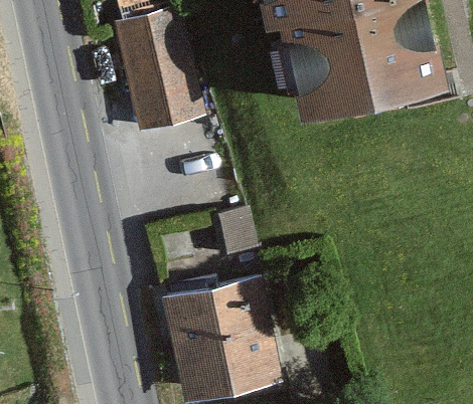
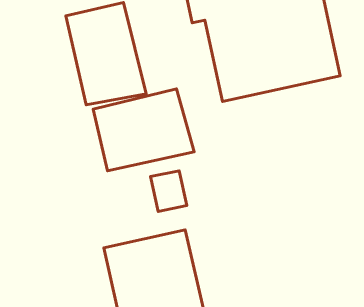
building: none -> [93,89,194,171]

